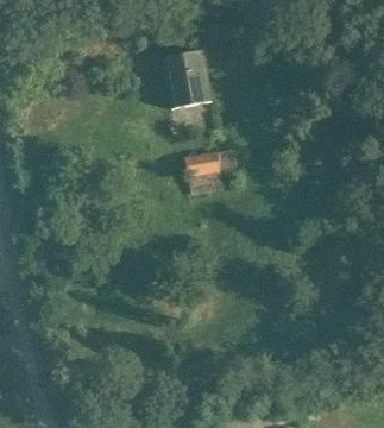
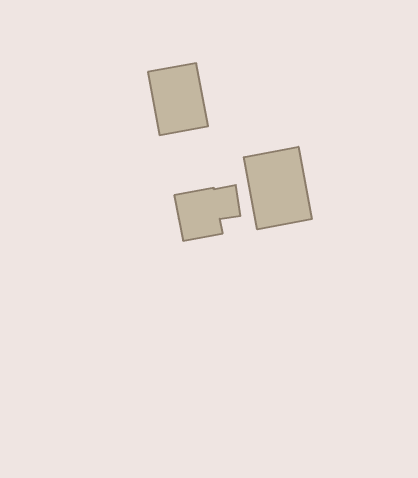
building: none -> [244,147,312,229]

